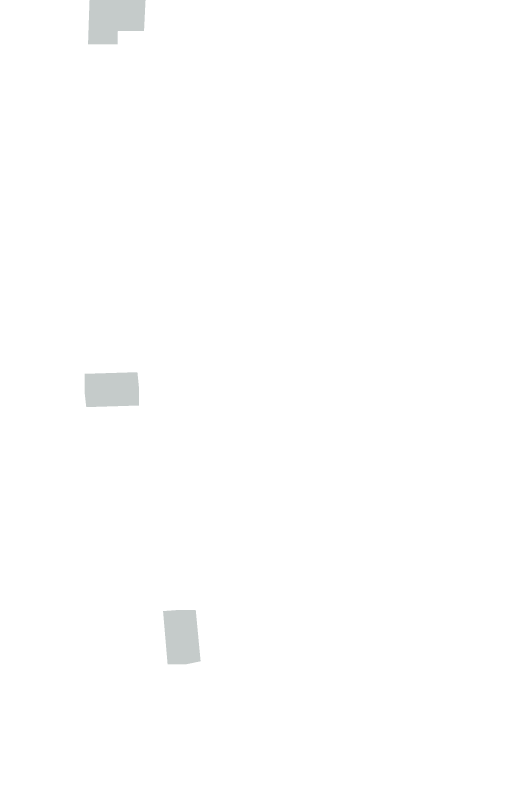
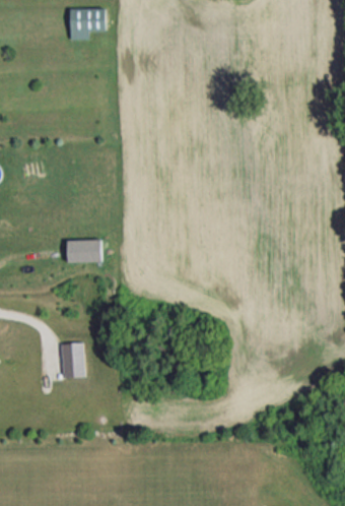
building: [162,609,202,665] -> [61,343,85,378]

